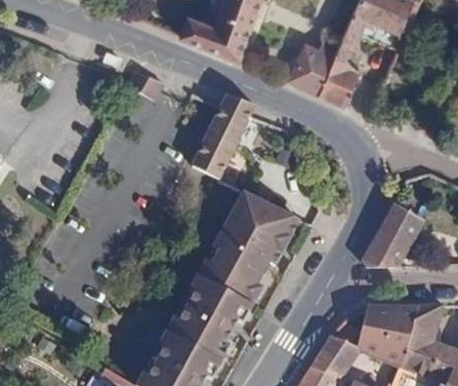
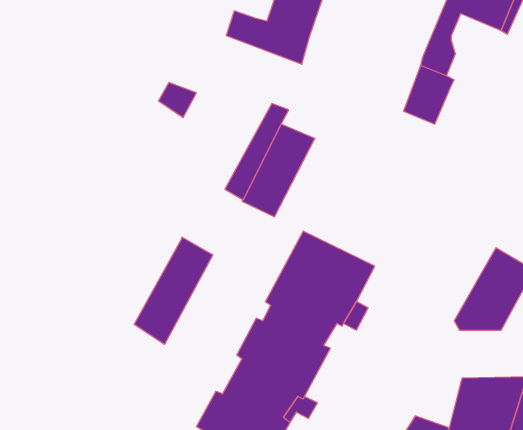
building: [289,41,336,95] -> none
building: none -> [134,237,213,344]

